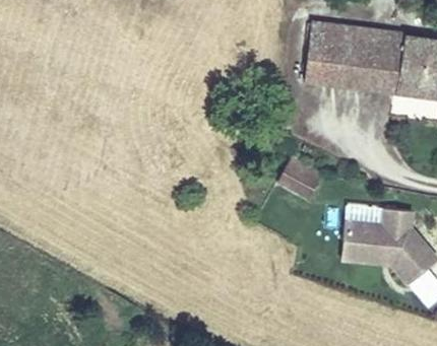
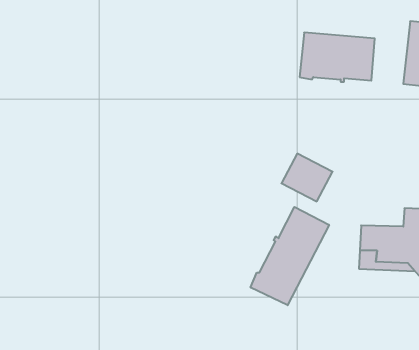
building: [301,29,395,94] -> none
building: none -> [251,207,329,305]

